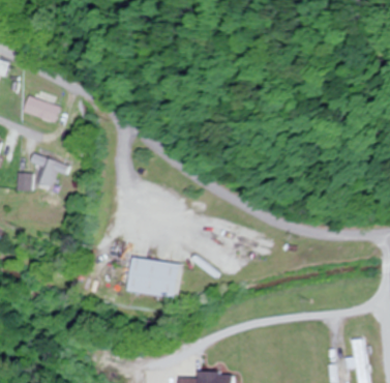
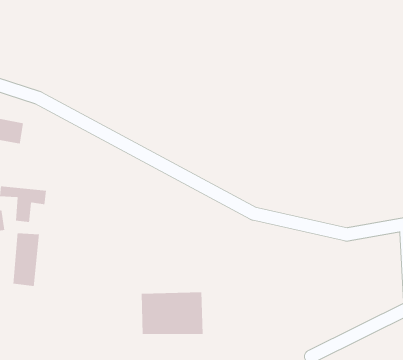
building: none -> [13,232,39,287]

